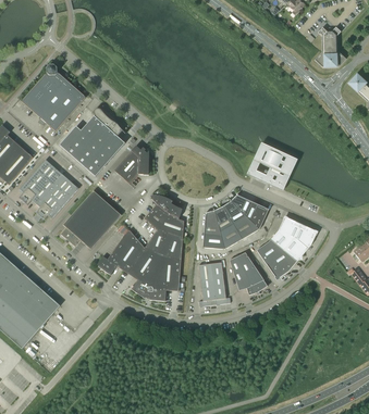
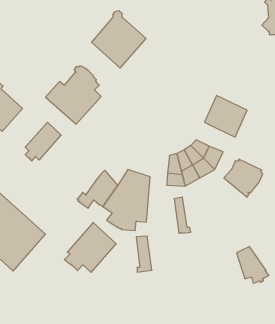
building: [22,64,86,131] -> [92,11,146,68]
building: [114,146,149,184] -> none
building: [20,160,62,204] -> none
building: [60,190,121,249] -> [64,222,116,272]
building: [144,190,184,238] -> none
building: [257,239,297,277] -> none
building: [230,252,268,296] -> [237,246,269,283]
building: [198,264,217,306] -> [136,236,152,272]

